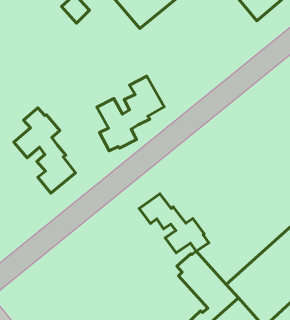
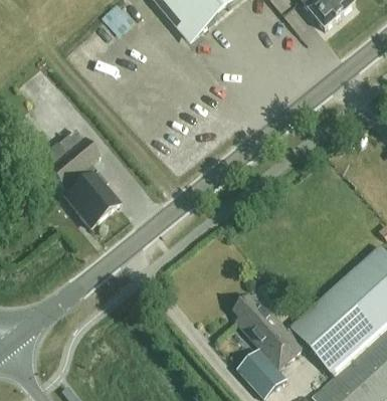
building: [97,76,164,151] -> none
building: [139,194,209,253] -> none

